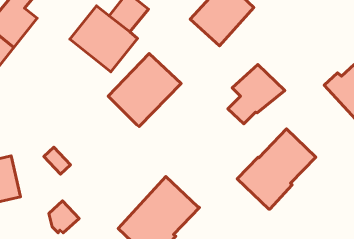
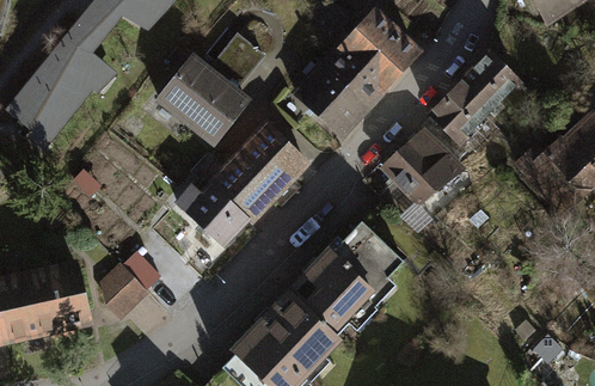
building: none -> [433,53,532,142]
building: none -> [300,68,368,135]
building: none -> [174,178,250,244]
building: [237,129,316,209] -> [292,221,404,336]
building: [49,201,79,233] -> [98,264,141,310]

